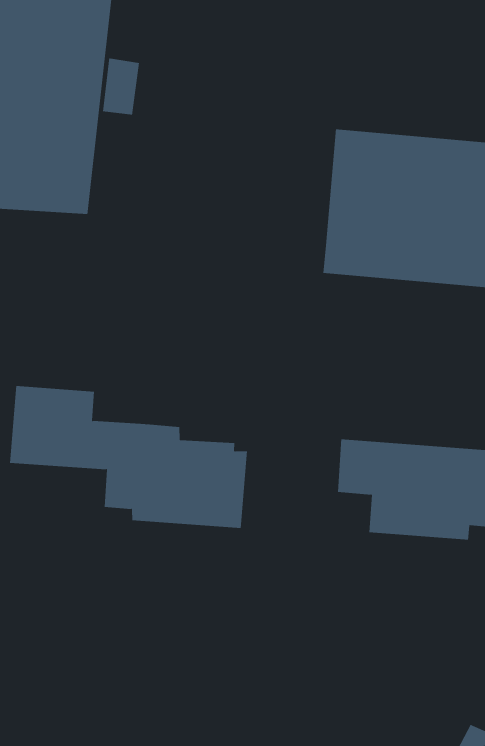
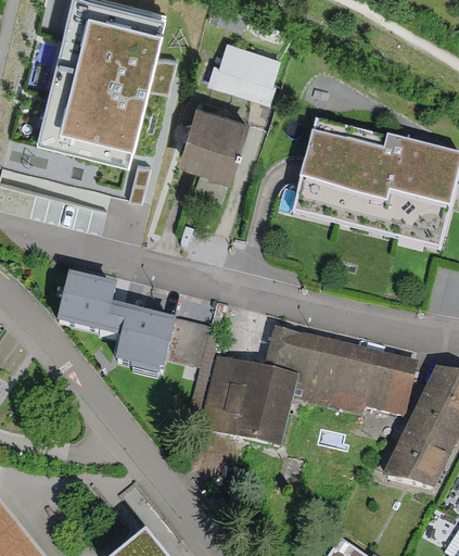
building: none -> [216,43,284,108]
building: none -> [184,106,256,181]
building: none -> [199,354,296,446]

